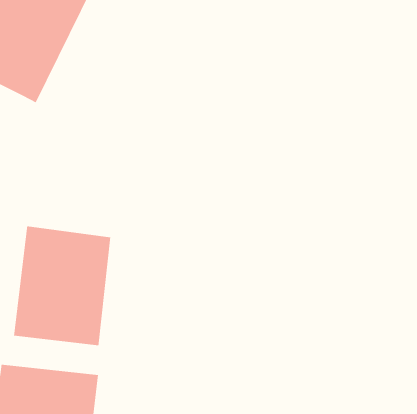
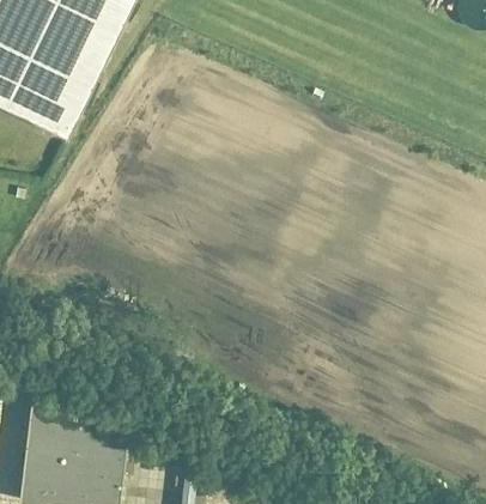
building: [14,226,111,346] -> none

